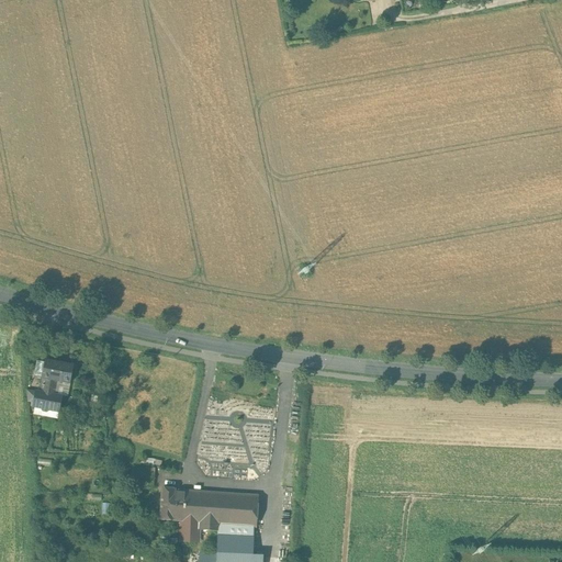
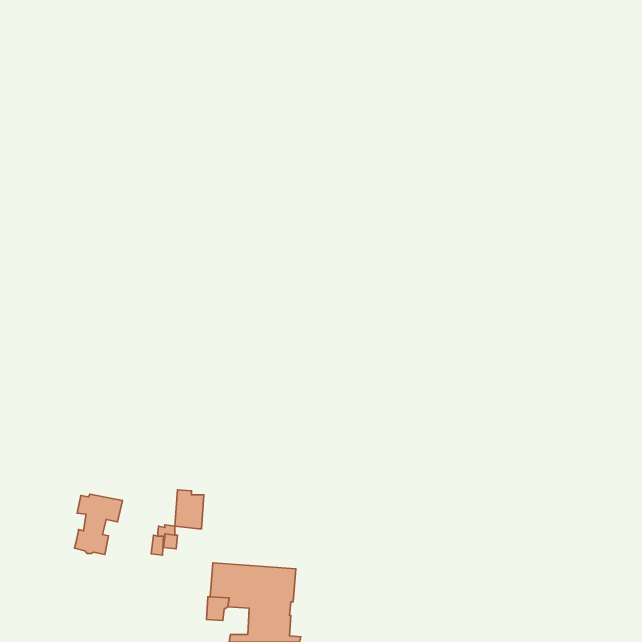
building: [33,359,75,412] -> [75,494,122,555]
building: [161,486,187,520] -> [175,490,204,529]

